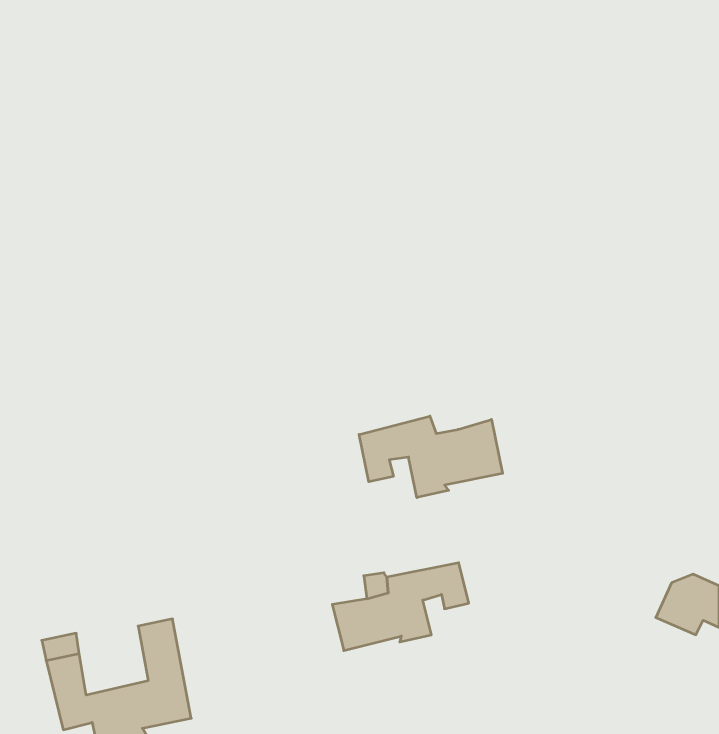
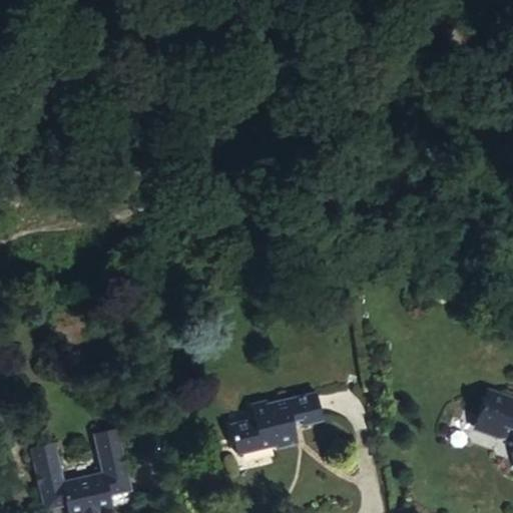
building: [359,416,503,498] -> none

